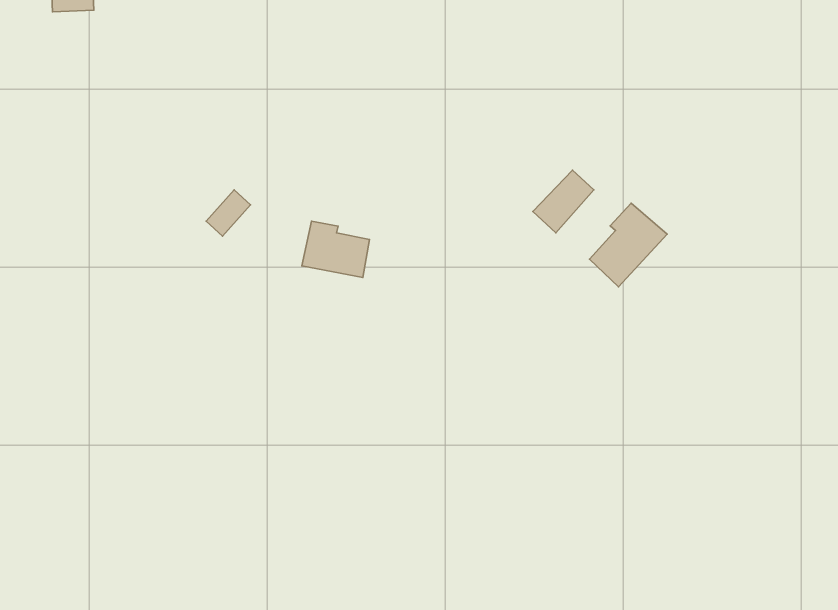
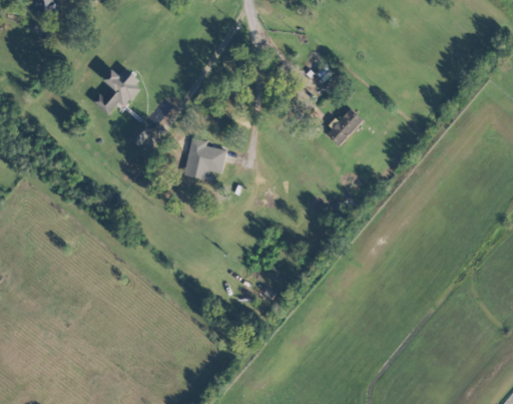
building: none -> [92,67,140,114]
building: [590,203,667,287] -> none

